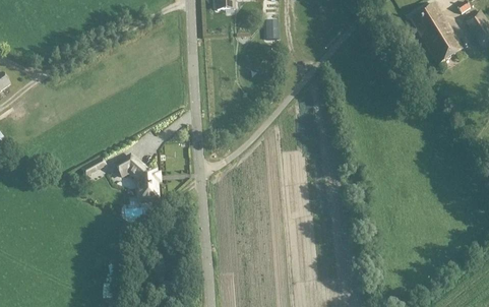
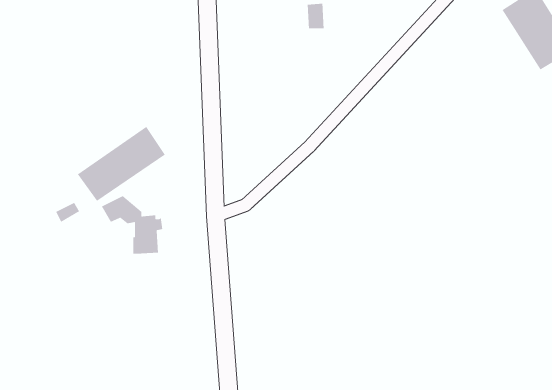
building: none -> [77,126,166,202]

